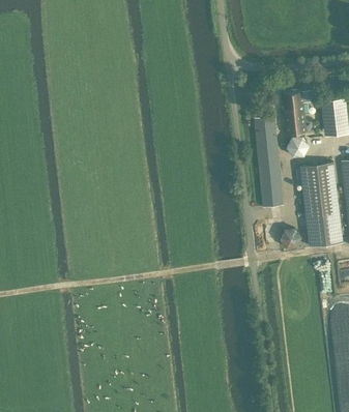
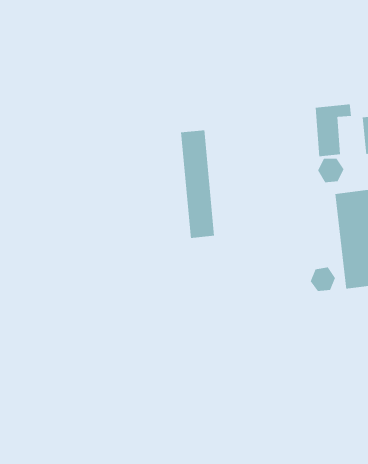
building: [255,117,284,208] -> [180,130,215,238]

